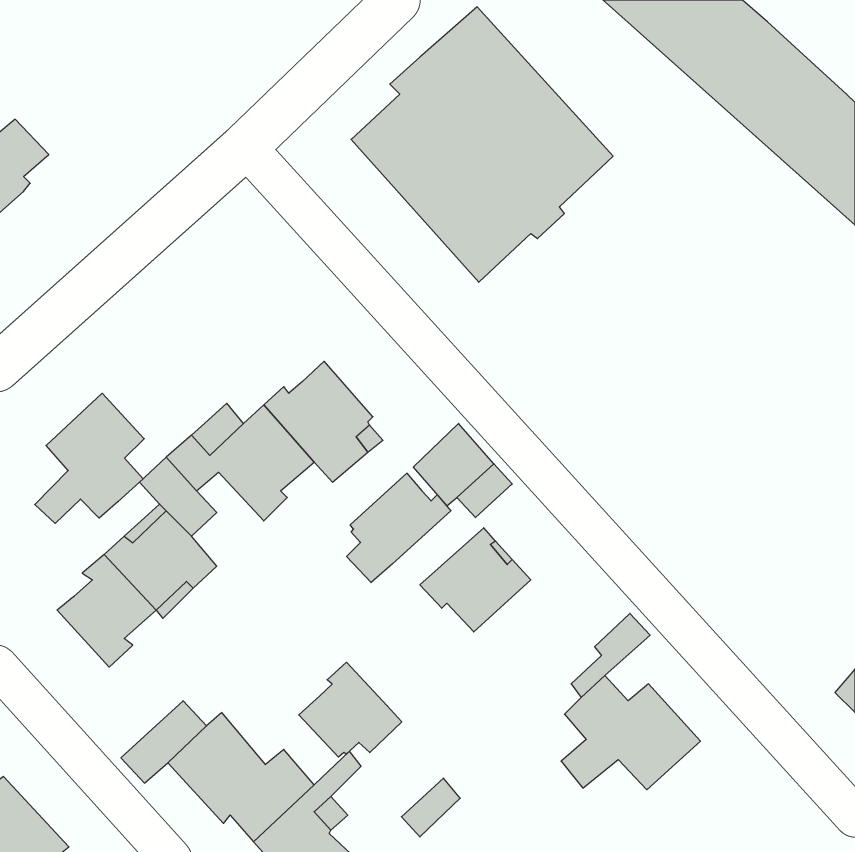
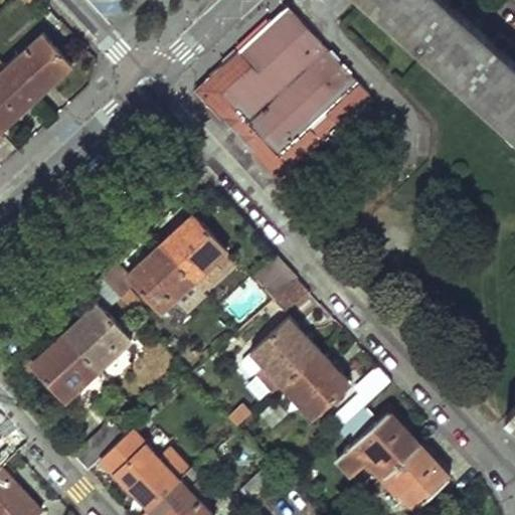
building: none -> [9,38,68,97]
building: none -> [193,54,287,182]
building: [35,393,144,523] -> none
building: [347,473,451,583] -> none
building: none -> [284,351,346,419]
building: [299,662,402,757] -> none
building: none -> [387,448,463,510]

